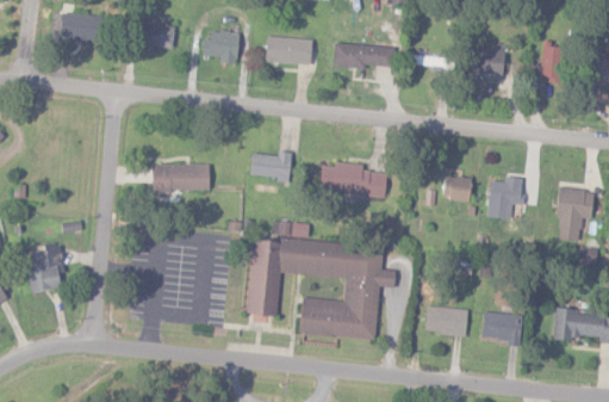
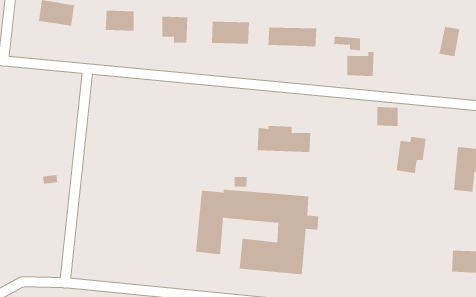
building: [472,44,505,74] -> [347,52,374,77]
building: [250,151,293,180] -> none
building: [153,165,210,191] -> none
building: [445,177,471,200] -> [377,107,398,126]
building: [26,243,63,292] -> none
building: [427,307,467,334] -> none
building: [481,310,523,344] -> none

